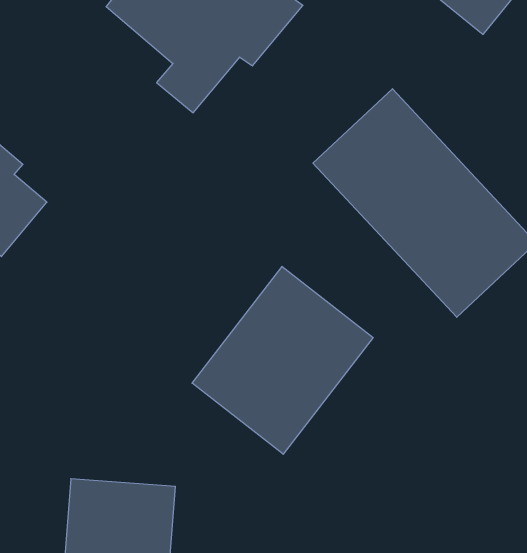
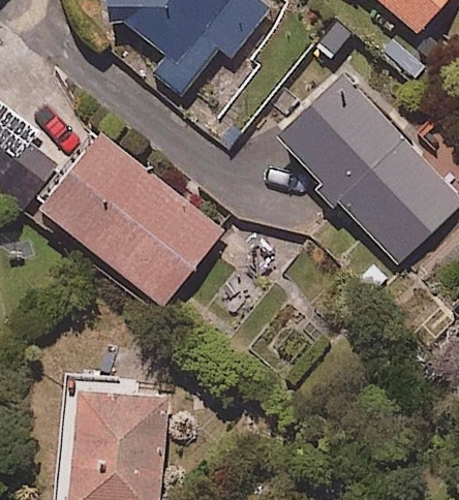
building: none -> [43,137,224,309]
building: [192,266,373,454] -> none

